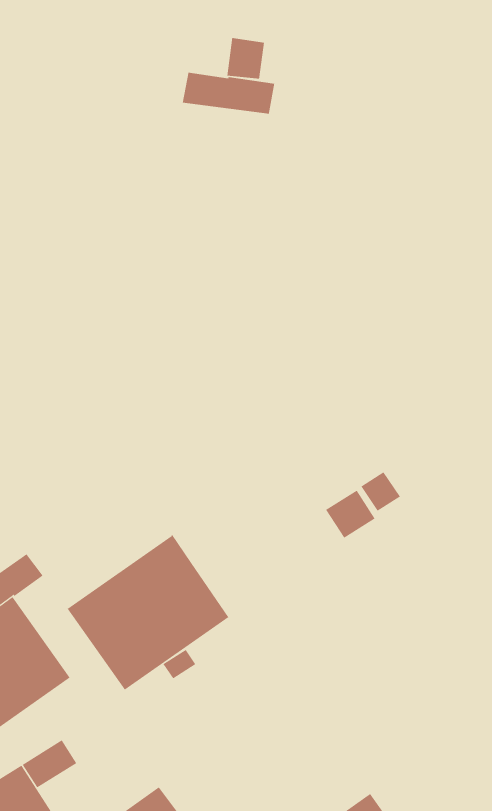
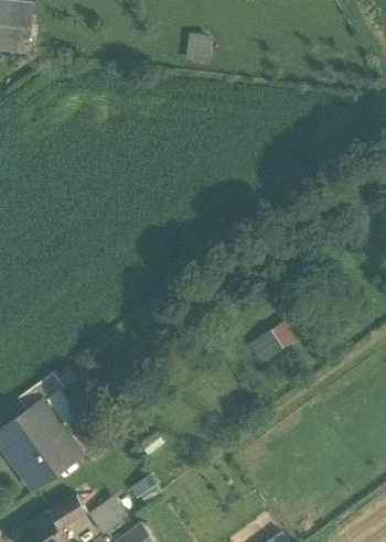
building: [182,72,275,114] -> none
building: [67,534,229,691] -> none
building: none -> [89,496,128,533]

